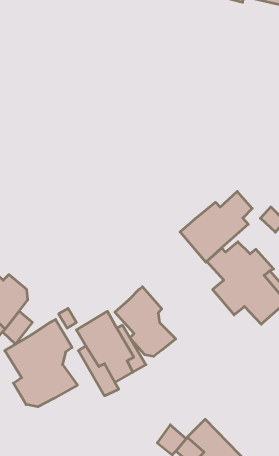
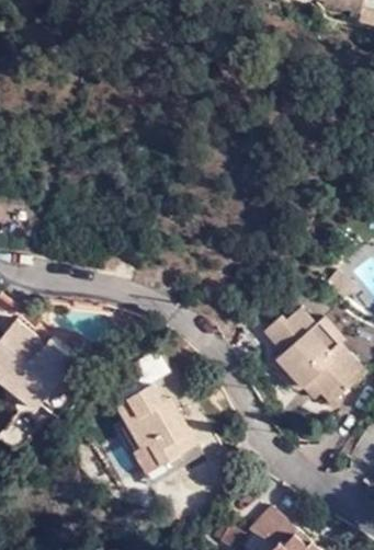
building: [180,191,252,262] -> none
building: [115,287,176,356] -> none
building: [5,319,77,407] -> none

